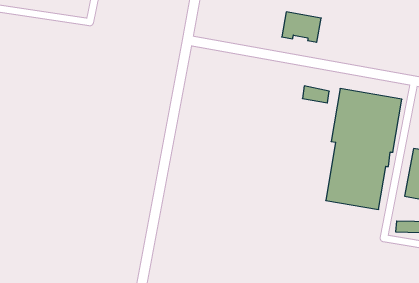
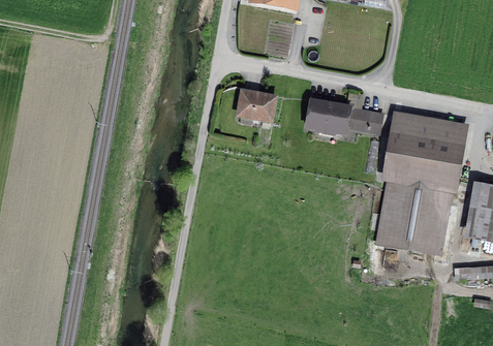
building: [282,12,321,42] -> [306,98,351,133]
building: none -> [236,88,277,124]

